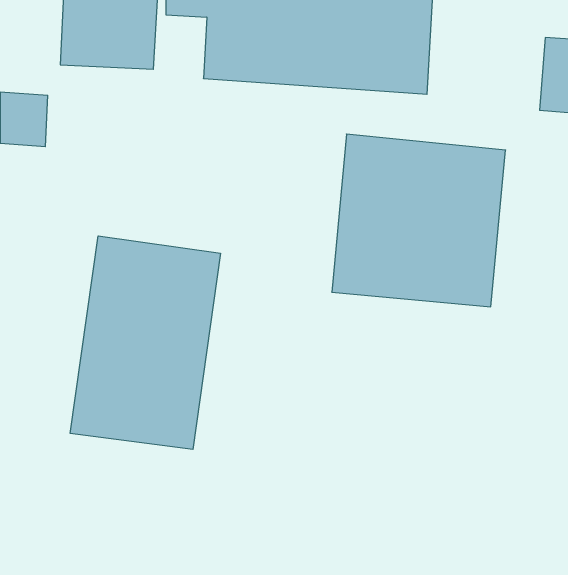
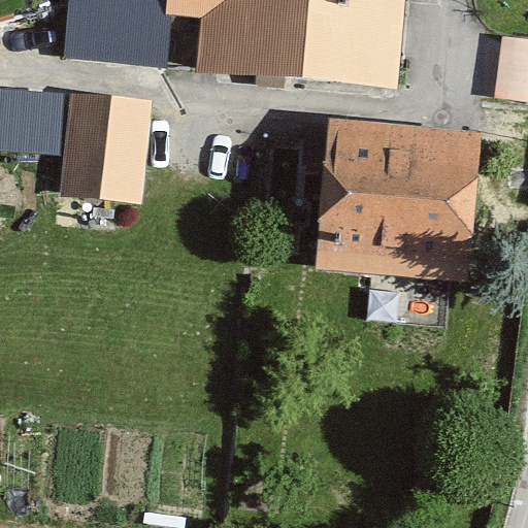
building: none -> [59,93,154,198]
building: [70,236,220,449] -> none

